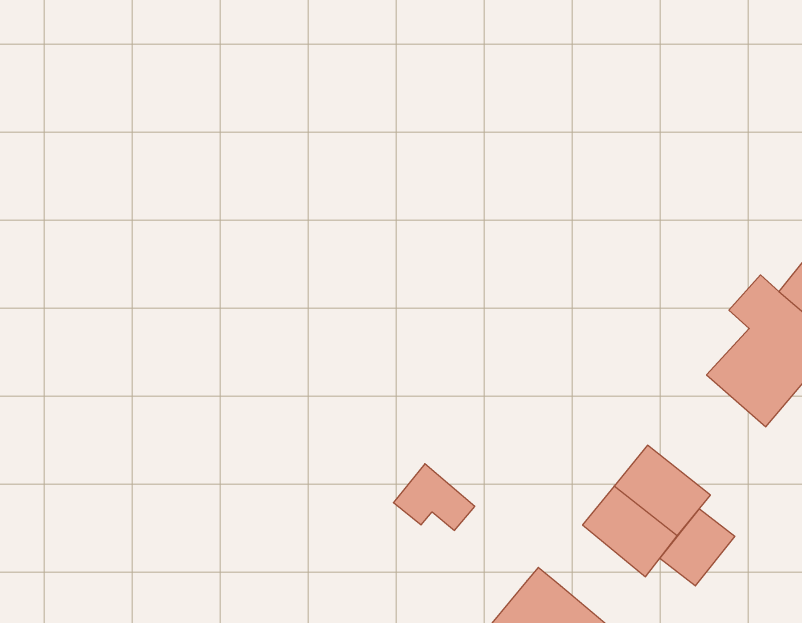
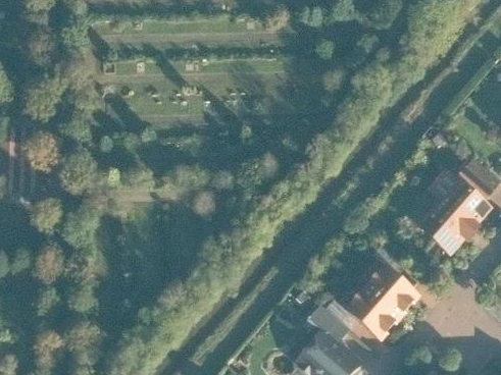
building: [393,464,475,530] -> [302,306,347,342]
building: [660,509,735,586] -> none

